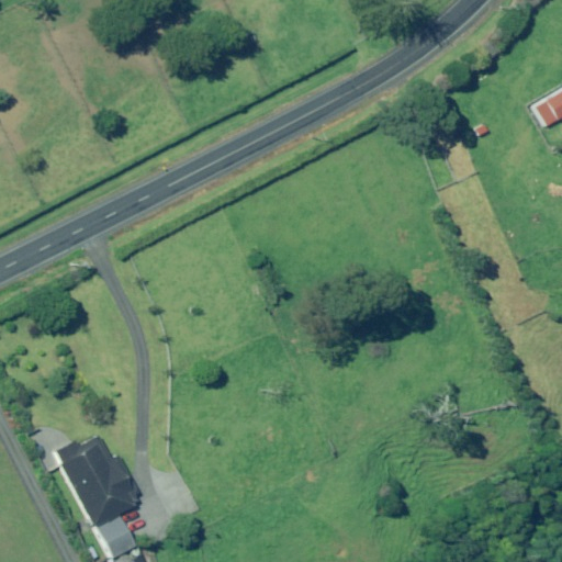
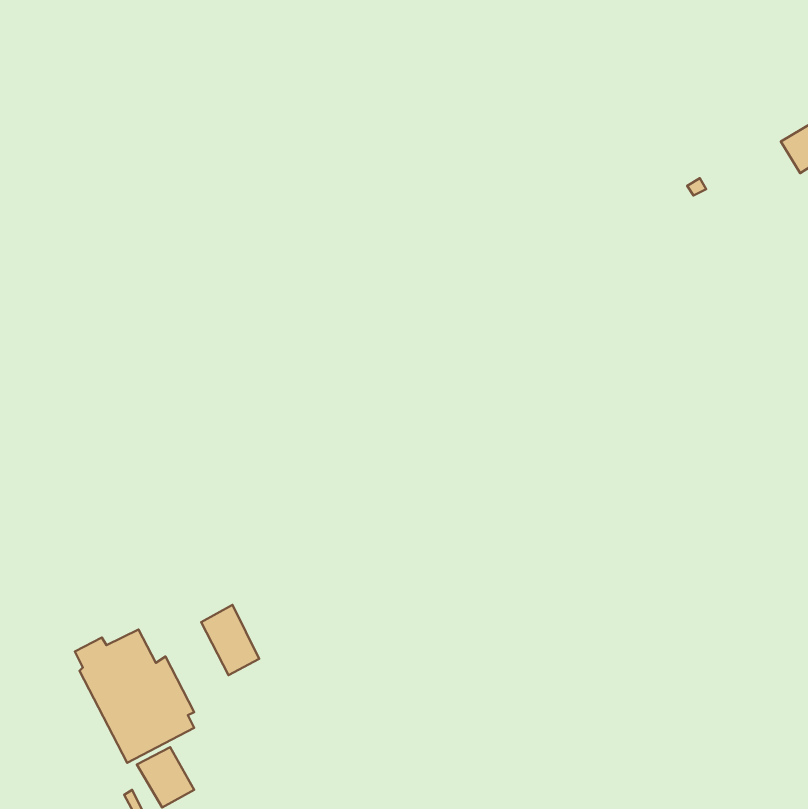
building: none -> [201,605,259,675]

